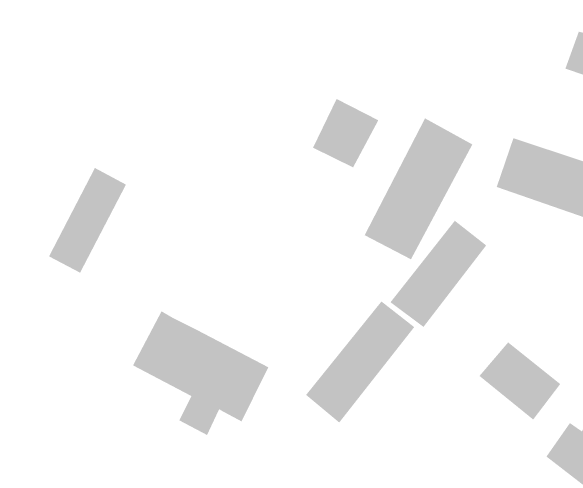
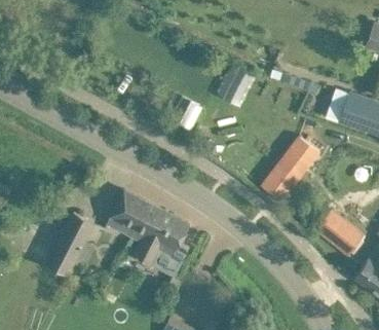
building: [364,118,473,260] -> none
building: [48,167,127,274] -> [47,213,94,277]
building: [305,300,415,423] -> none

